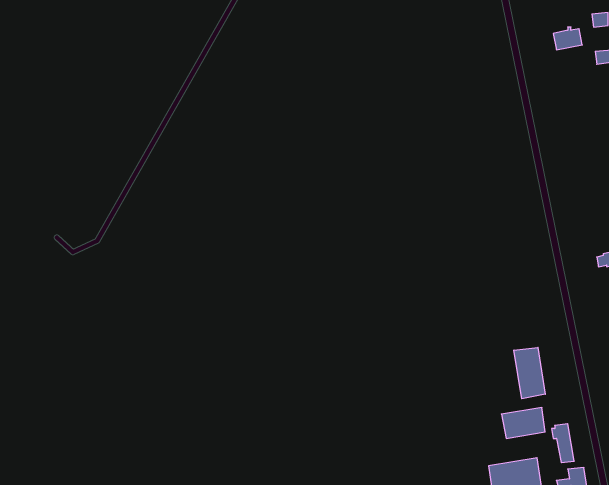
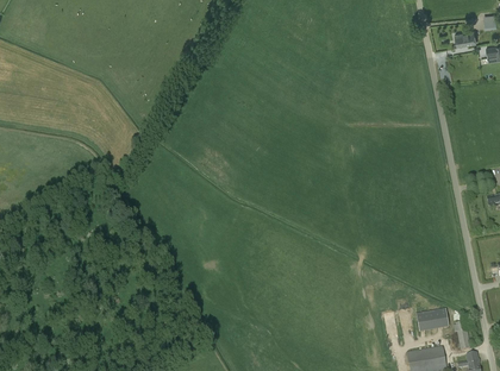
building: [514,347,545,399] -> none

